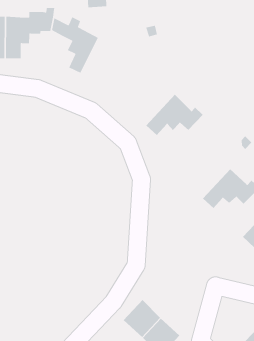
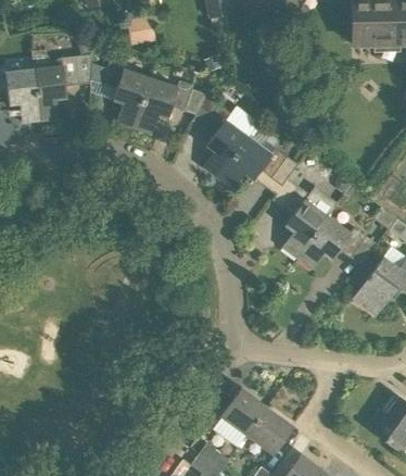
building: none -> [132,79,192,133]
building: none -> [192,96,249,178]
building: none -> [281,186,337,258]

